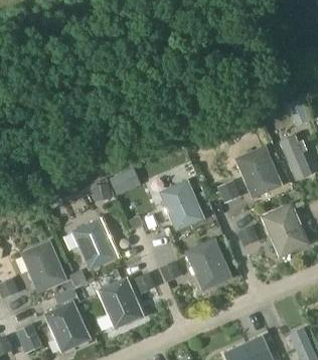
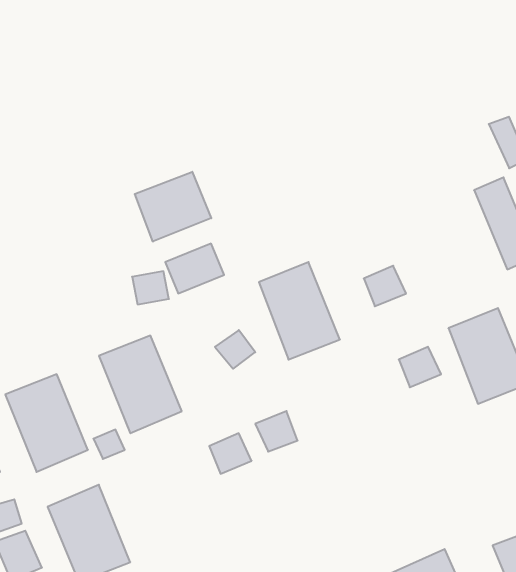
building: none -> [135,172,211,242]
building: [236,145,282,198] -> none
building: [185,237,230,291] -> none
building: [99,276,143,329] -> none

